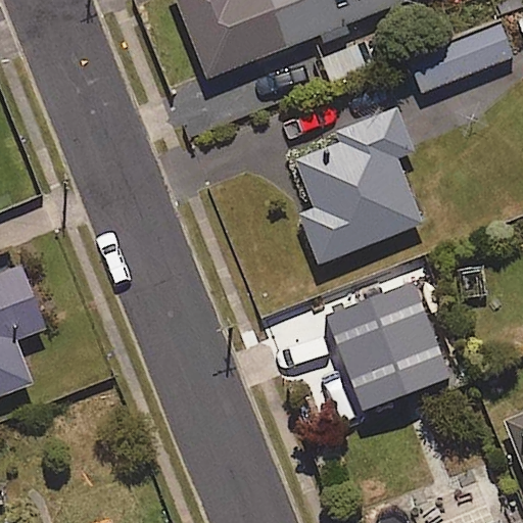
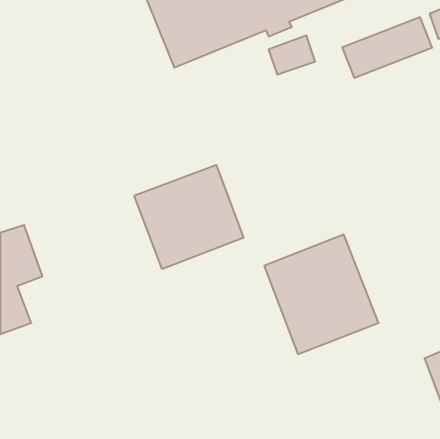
building: [291,107,422,264] -> none
building: none -> [134,165,243,269]

